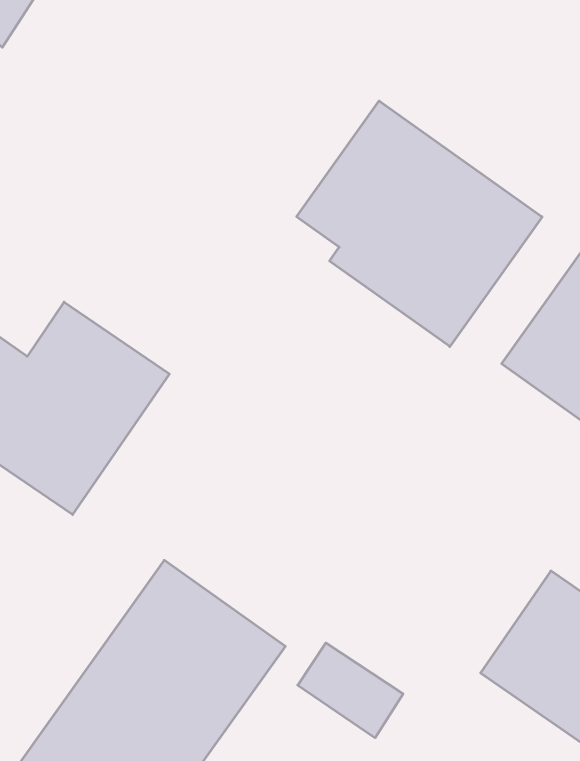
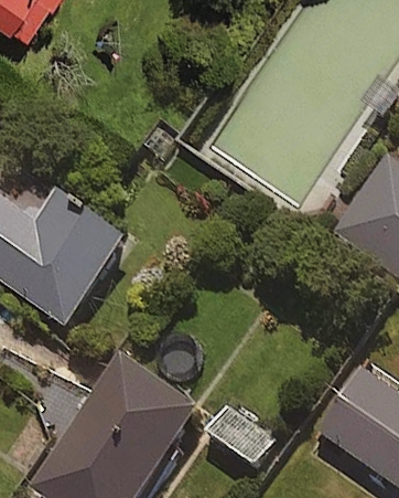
building: [297,101,542,347] -> none

